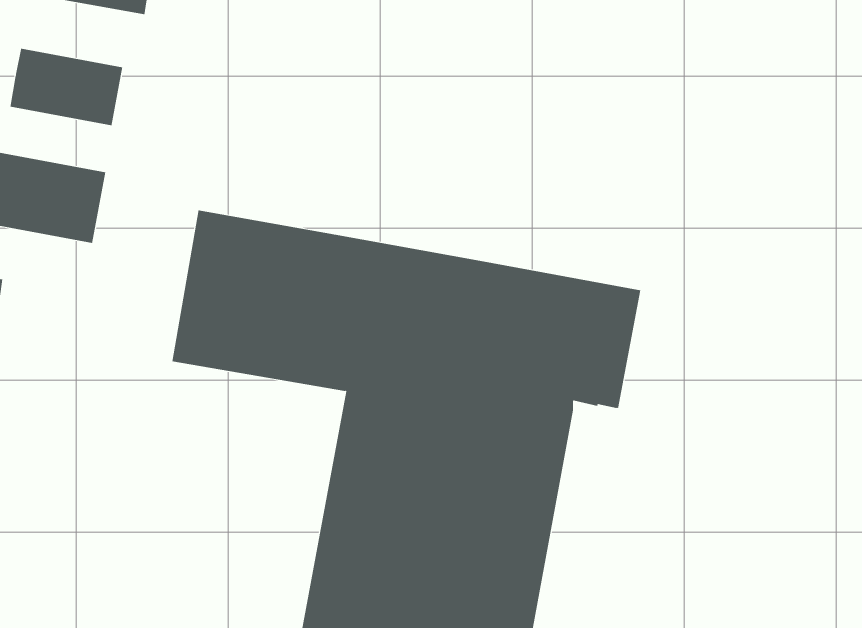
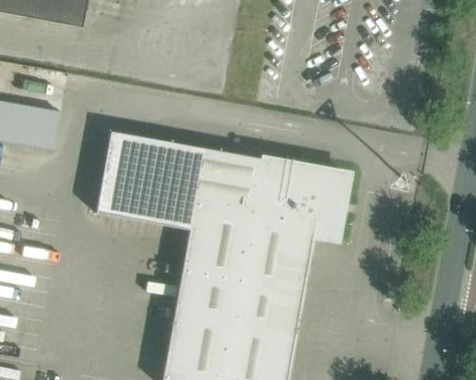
building: [10,48,123,126] -> none

